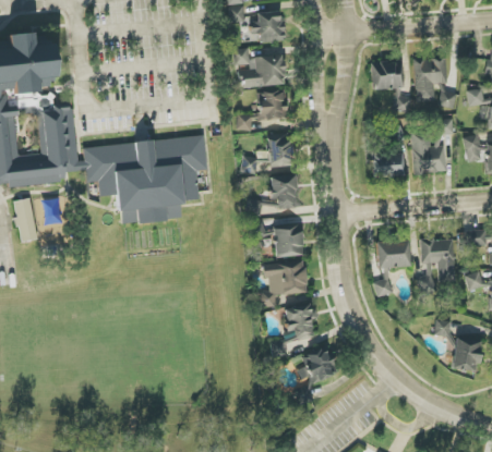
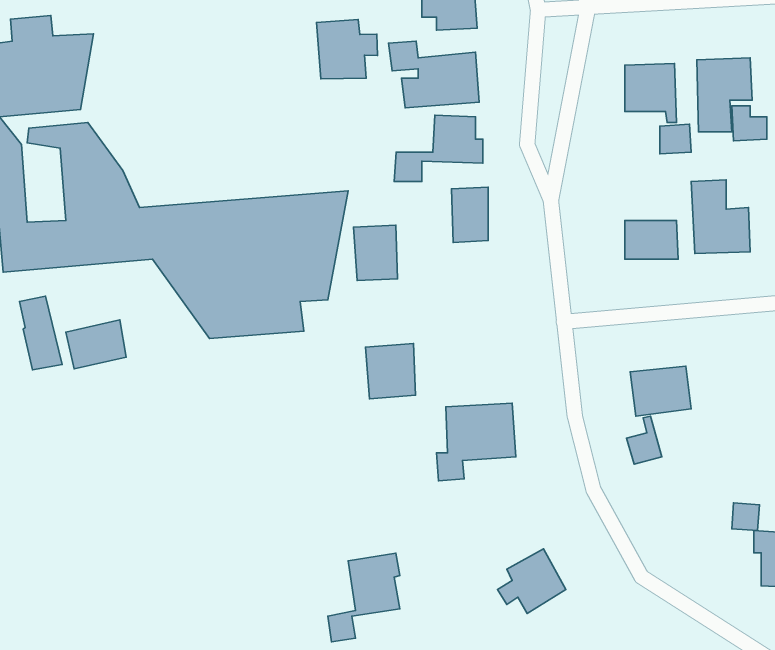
building: none -> [316,19,378,79]
building: [269,176,296,209] -> [353,225,398,281]
building: none -> [66,320,126,369]
building: [273,225,302,258] -> [366,344,415,399]
building: [419,239,454,281] -> none
building: [271,306,313,358] -> [328,553,400,642]

